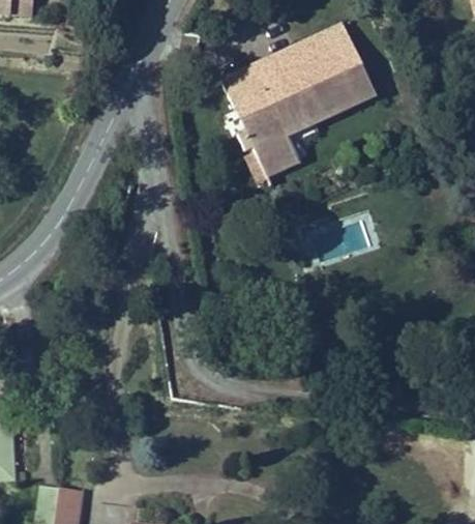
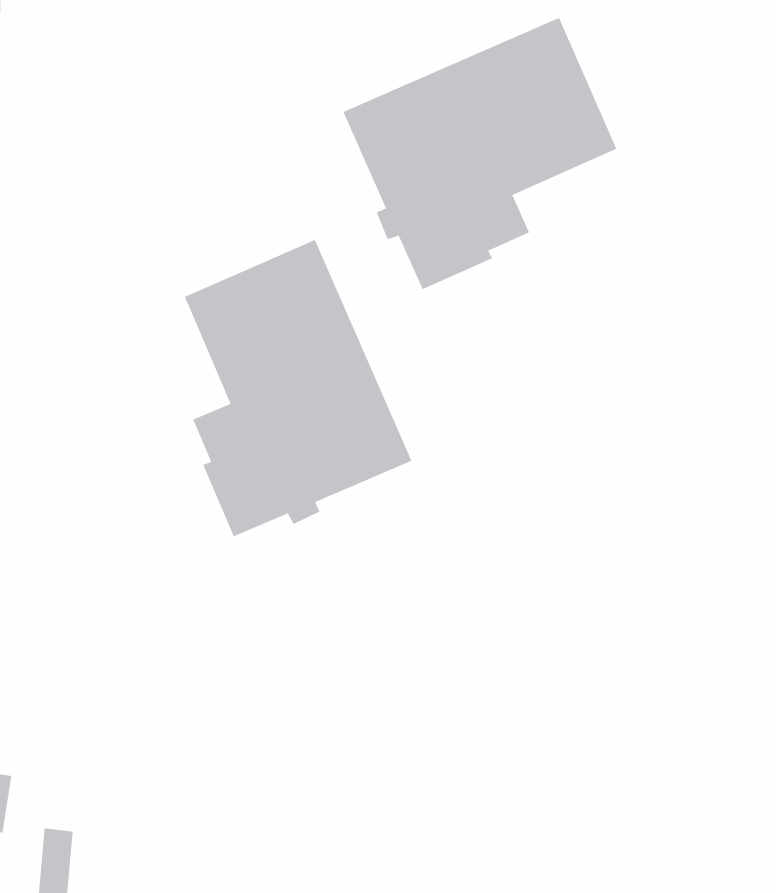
building: none -> [184,239,412,537]

